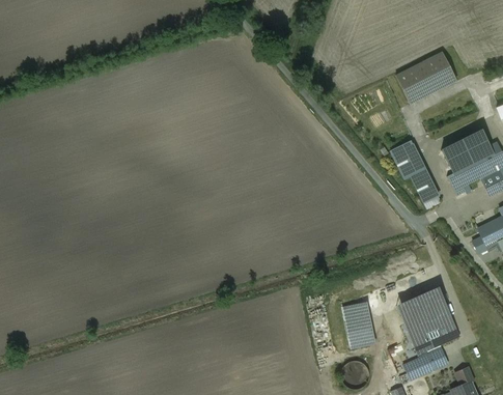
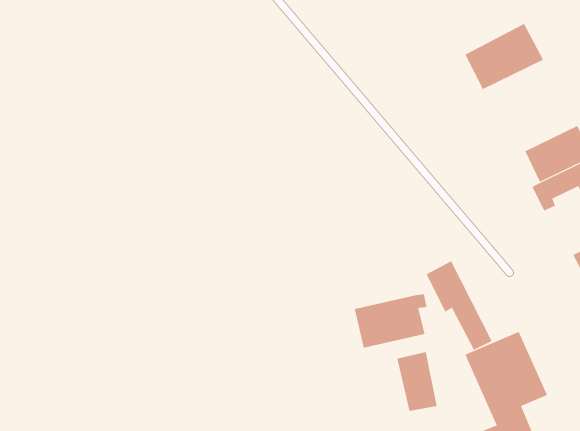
building: [391,140,442,208] -> [426,261,493,351]
building: none -> [354,293,427,349]

